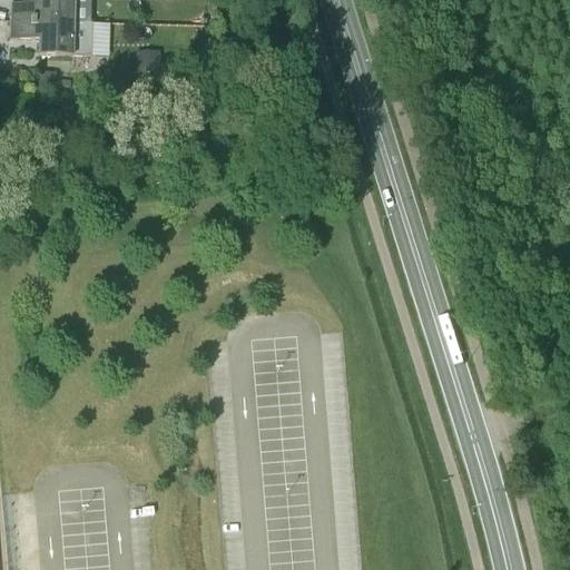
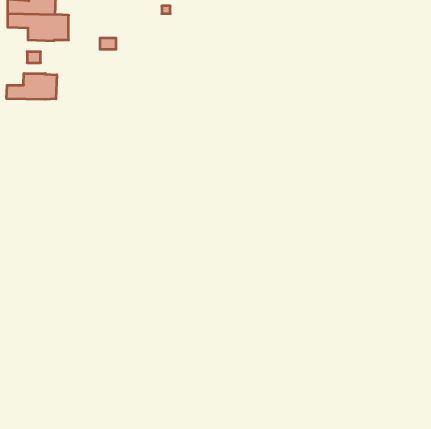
building: none -> [7,73,57,99]

